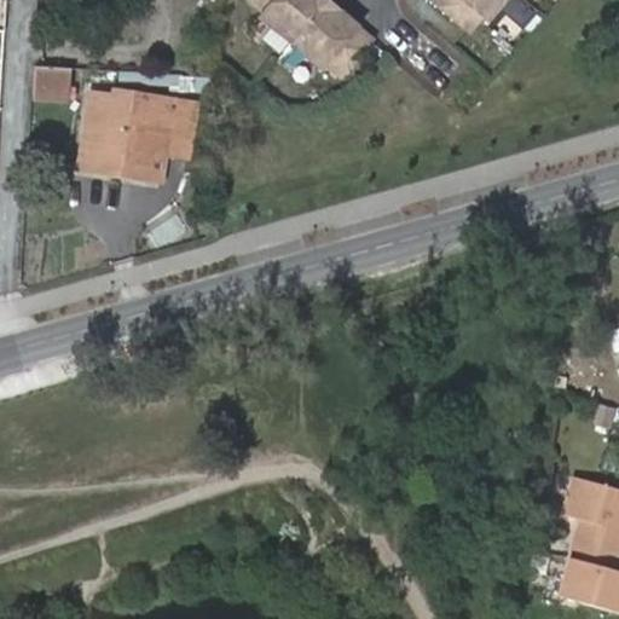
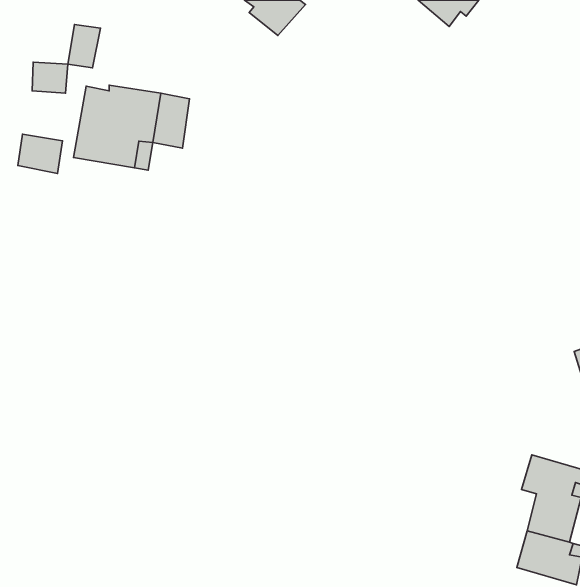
building: [300,5,377,70] -> none
building: none -> [68,24,100,68]
building: none -> [18,134,62,173]

